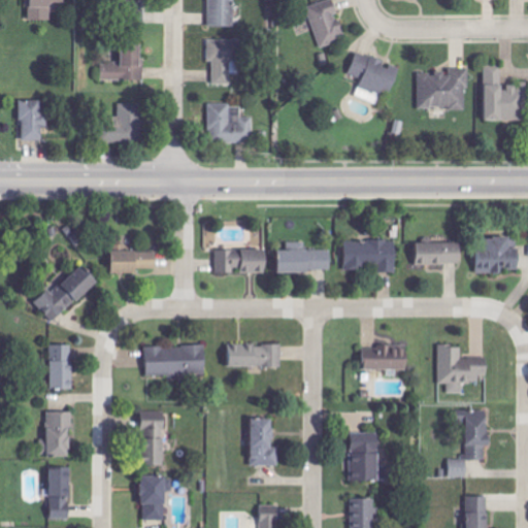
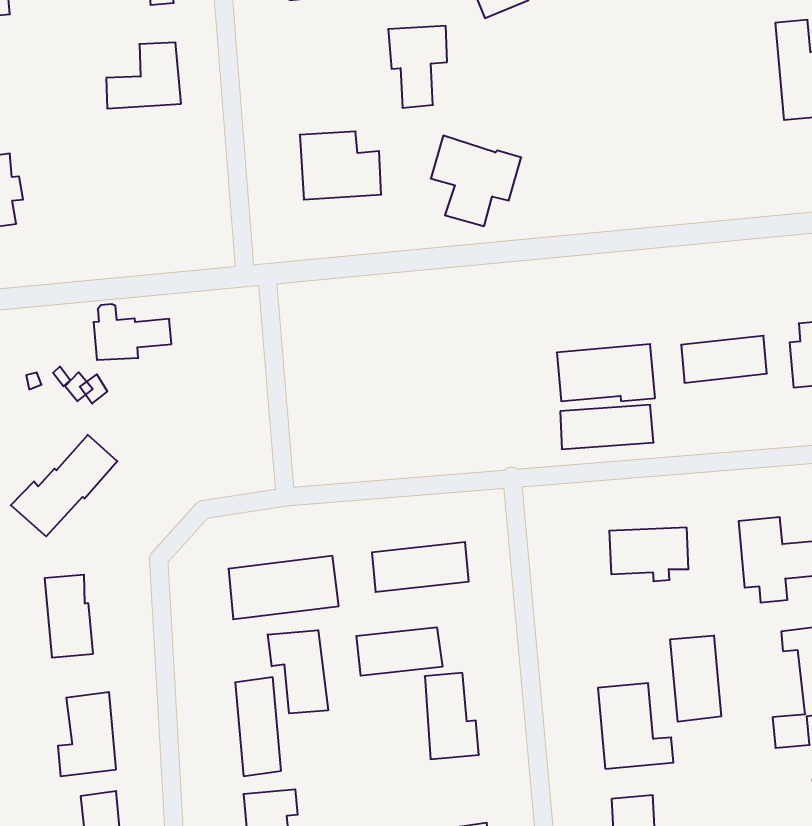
building: [206,39,239,85] -> [388,26,447,108]
building: [348,51,400,104] -> [431,136,521,226]
building: [417,68,466,109] -> none
building: [104,103,139,142] -> none
building: [101,240,144,272] -> [93,304,171,360]
building: [214,250,266,273] -> none
building: [277,250,330,272] -> [560,405,654,449]
building: none -> [268,630,328,713]
building: none -> [356,627,442,676]
building: none -> [670,635,721,722]

